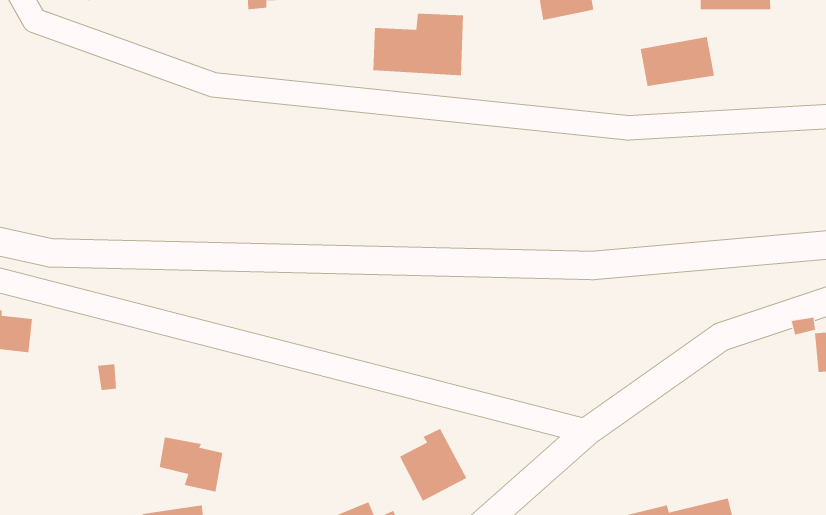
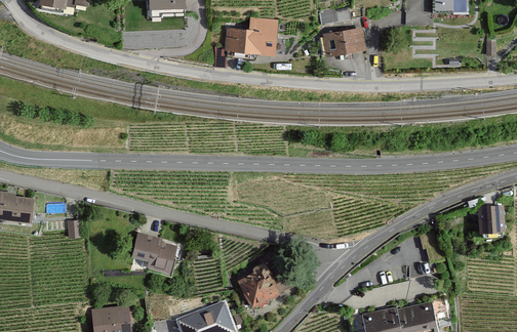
building: [640,36,715,86] -> [318,27,361,55]
building: [159,437,223,492] -> [134,235,171,266]

